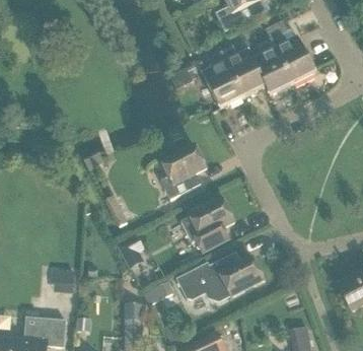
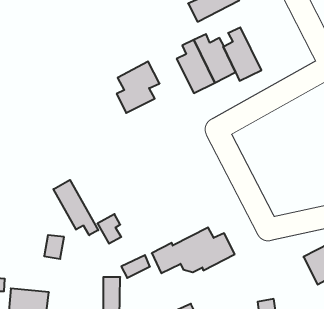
building: [267,20,316,83] -> none
building: [161,144,207,199] -> [117,61,160,113]
building: [180,198,235,251] -> none
building: none -> [53,180,98,235]

